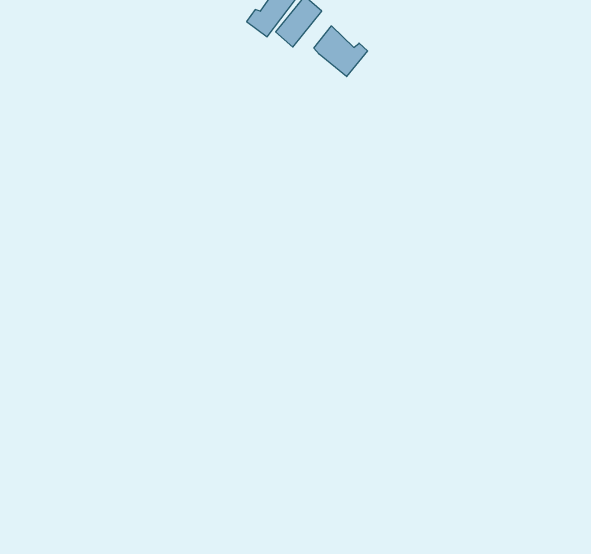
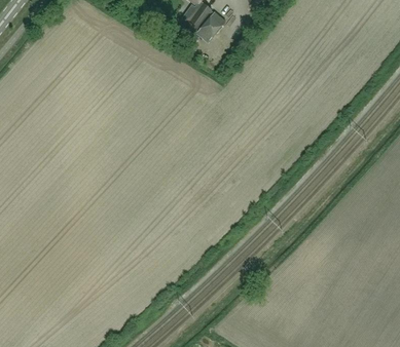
building: [314,26,368,77] -> none

